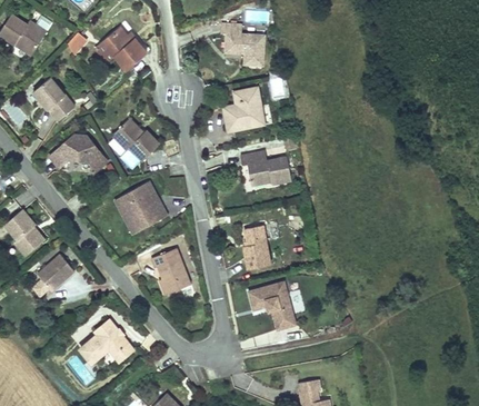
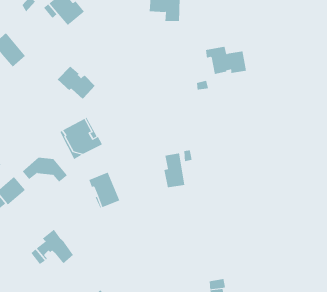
building: [223,87,265,129] -> none
building: [50,138,107,169] -> [22,157,68,182]
building: [240,150,291,185] -> [205,46,247,74]
building: [249,281,296,328] -> none

